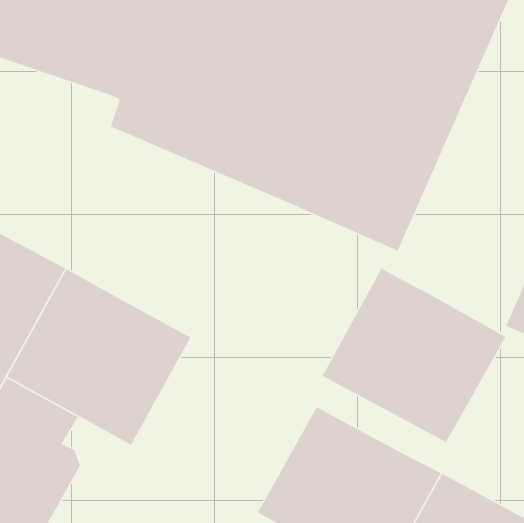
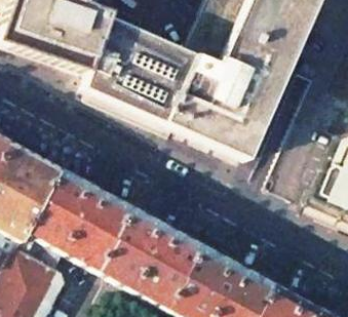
building: [321,268,506,443] -> [98,210,202,310]

